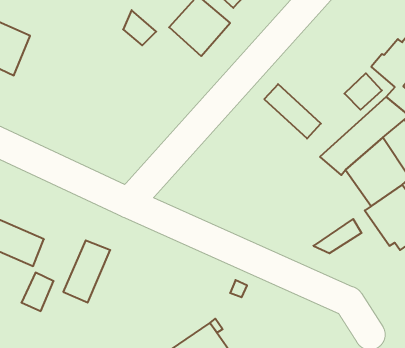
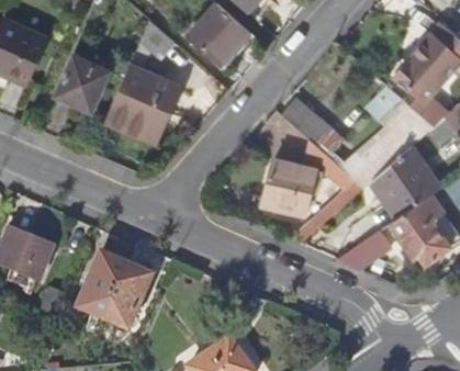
building: none -> [56,56,109,111]
building: none -> [105,66,179,138]
building: none -> [262,139,364,216]
building: none -> [104,265,152,329]

